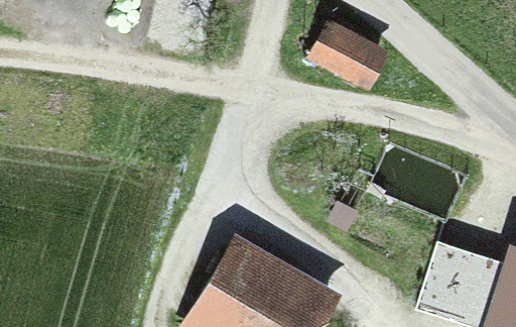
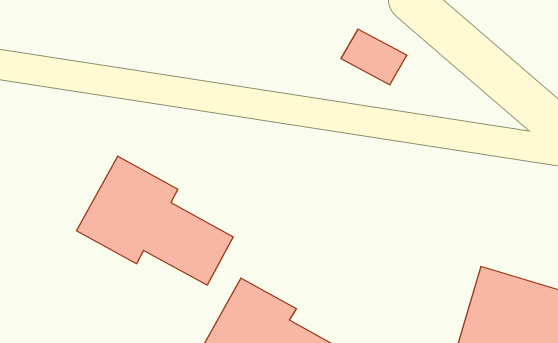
building: none -> [77,156,233,285]

